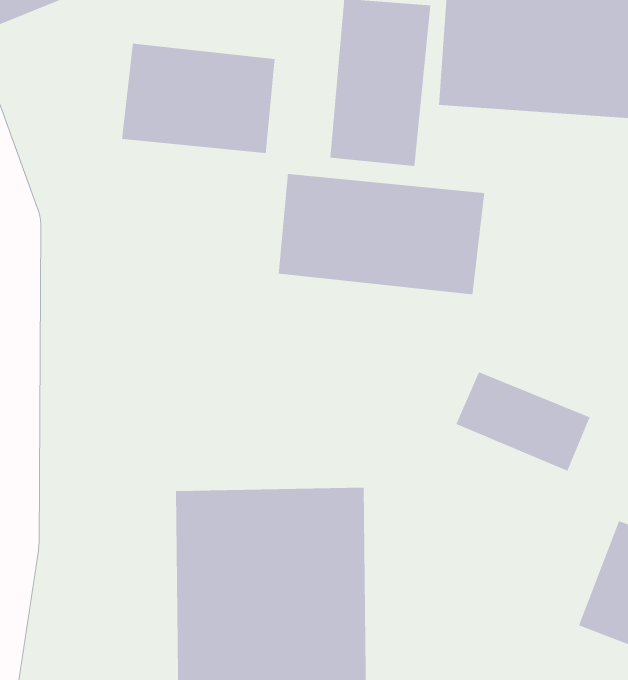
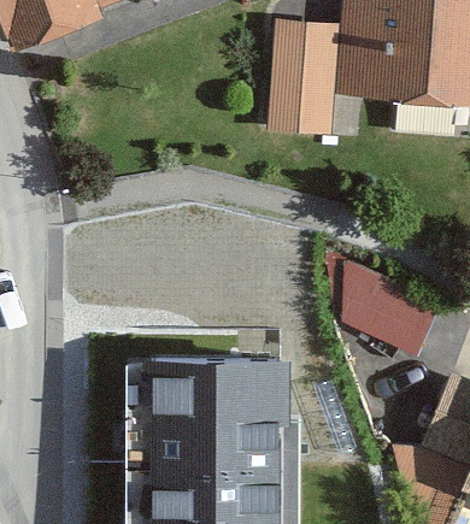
building: [122,43,275,154] -> none
building: [278,173,485,295] -> none

